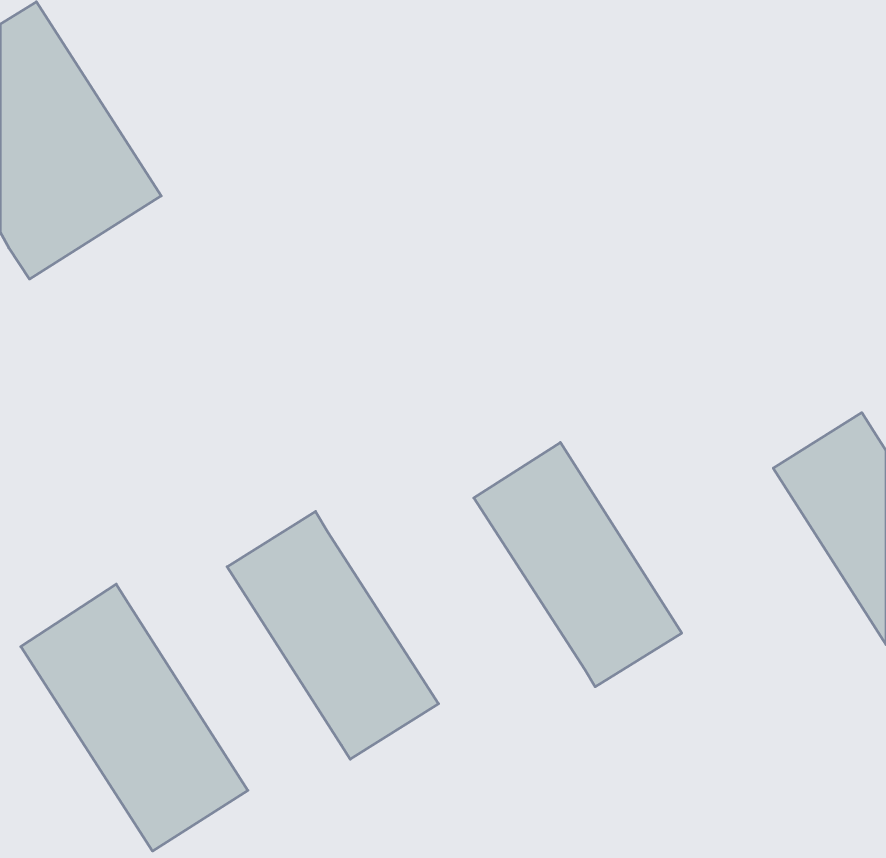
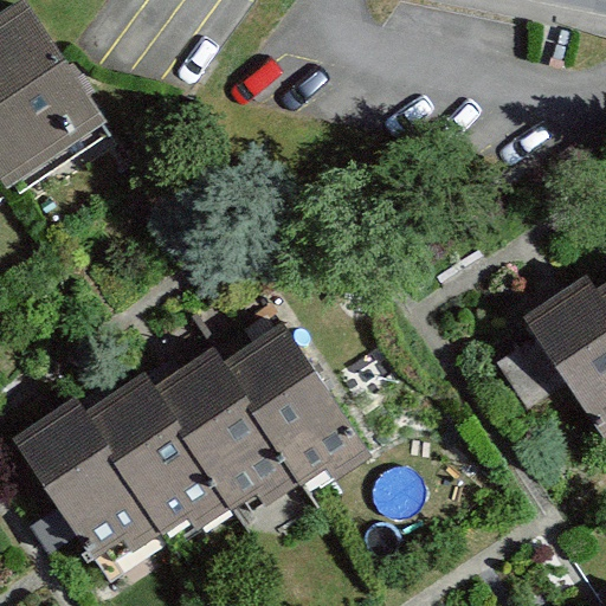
building: [474,442,682,687] -> [224,325,366,492]
building: none -> [88,375,233,547]

